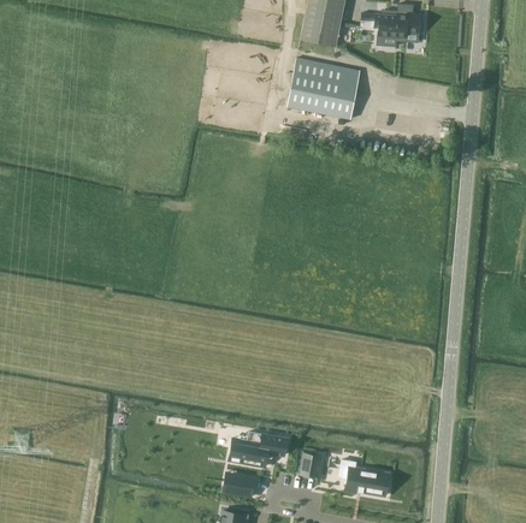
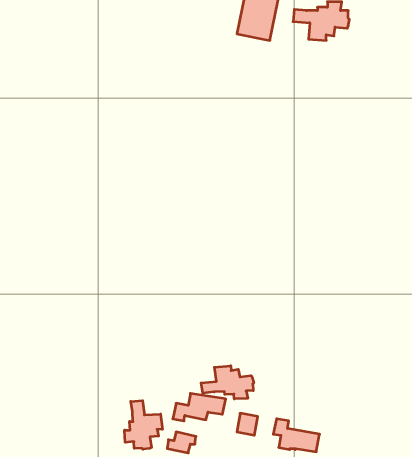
building: [288,58,360,120] -> none
building: none -> [201,366,254,399]
building: none -> [125,401,162,449]

